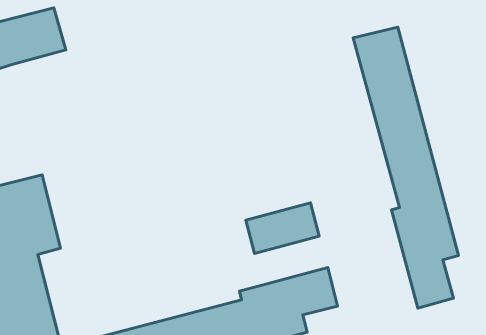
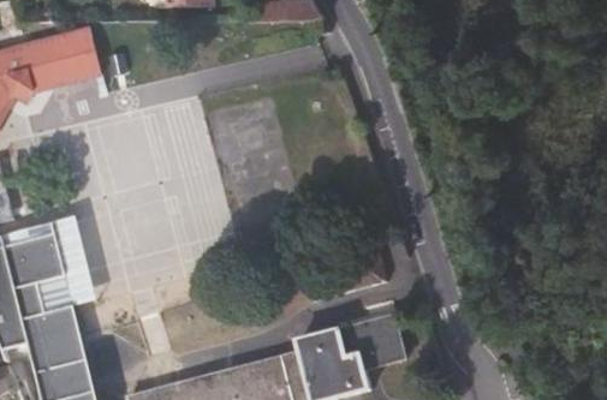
building: [353,27,459,308] -> none

